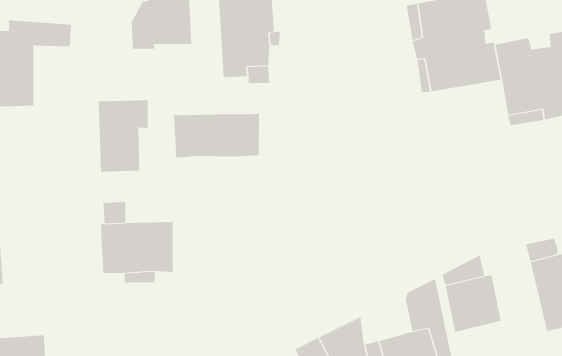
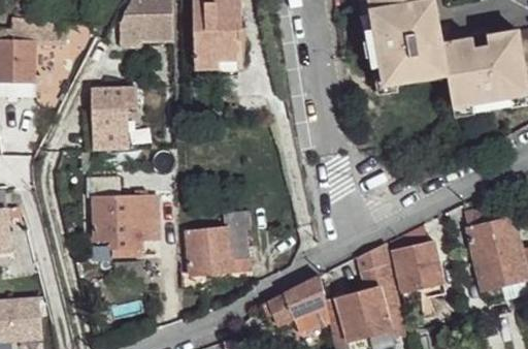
building: [173,113,259,158] -> none
building: none -> [183,215,253,277]

